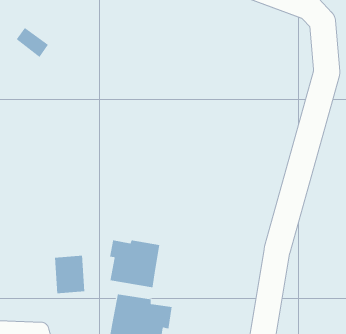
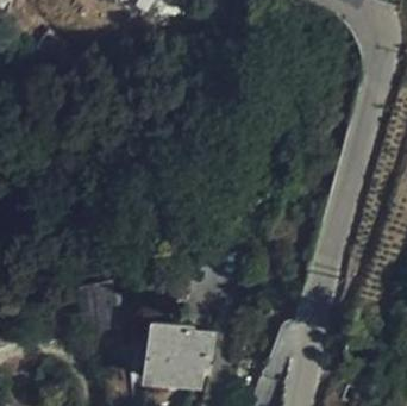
building: [109,239,160,288] -> none

